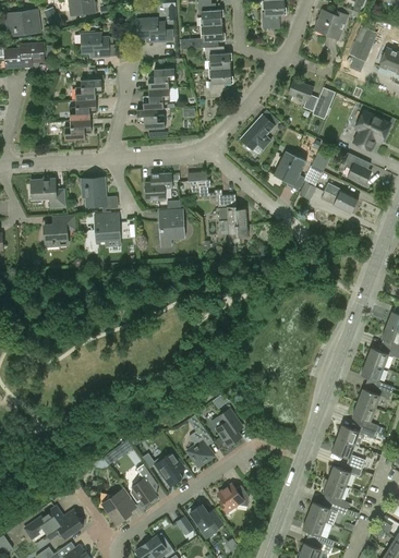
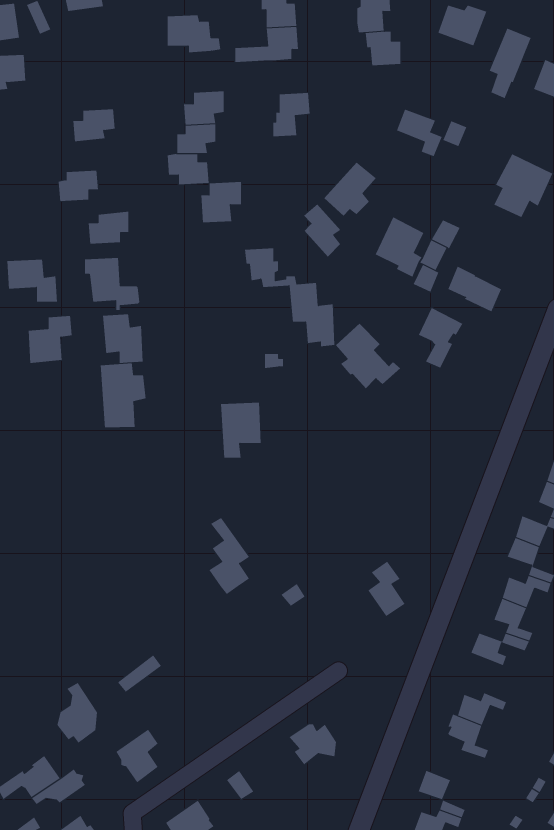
building: [80,33,110,58] -> none
building: [206,47,230,70] -> [365,31,401,66]
building: [69,99,96,121] -> [88,211,129,244]
building: none -> [303,204,341,257]
building: [343,153,371,185] -> none
building: [145,173,172,201] -> [201,182,242,223]
building: none -> [418,307,463,368]
building: [158,210,185,247] -> [220,402,261,458]
building: none -> [335,323,401,389]
building: none -> [100,363,146,428]
building: [216,409,241,446] -> [368,561,406,617]
building: [186,415,214,466] -> [208,517,250,595]
building: [331,438,365,471] -> none
building: [154,451,183,486] -> none
building: [130,464,157,505] -> [57,682,98,743]
building: [307,502,347,525] -> none
building: [190,505,222,539] -> none

